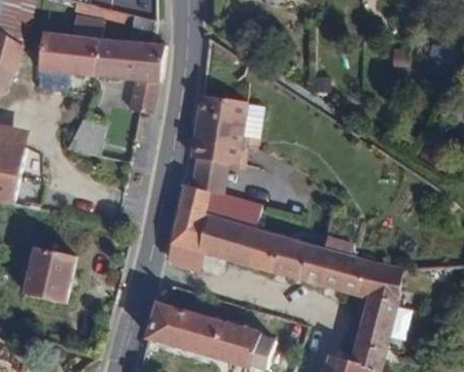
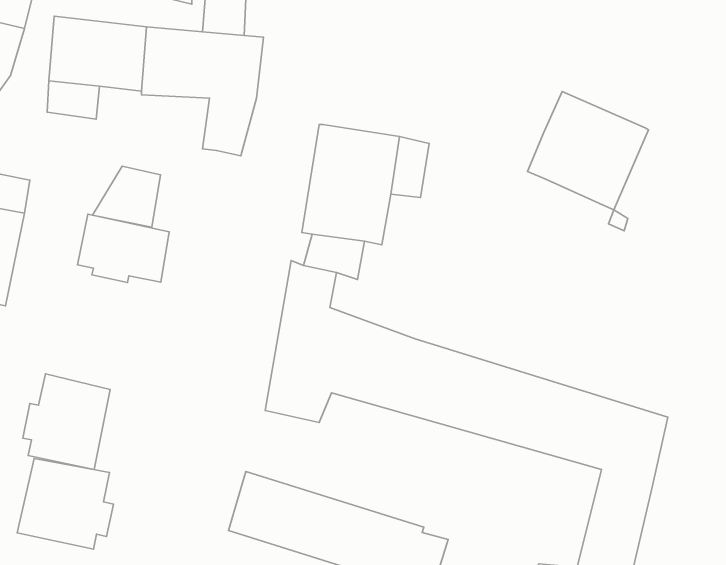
building: none -> [527,91,649,210]
building: none -> [77,214,169,282]
building: [205,183,261,223] -> none
building: none -> [17,459,114,549]

